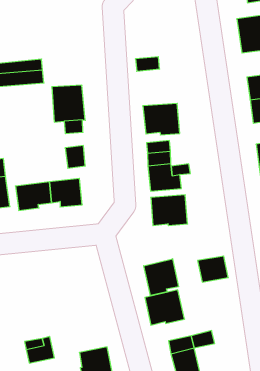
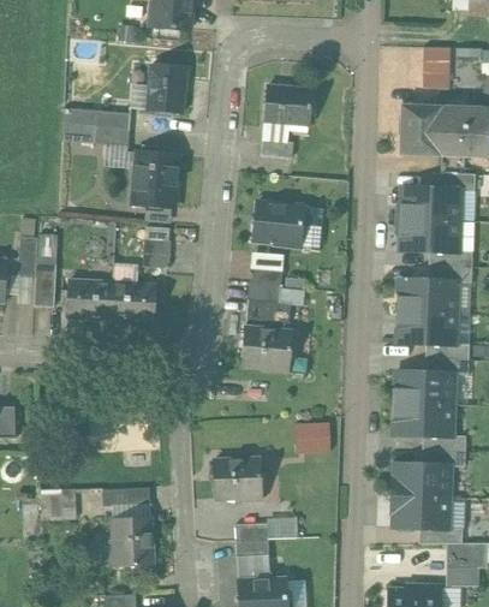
building: none -> [258,85,305,124]
building: none -> [148,66,185,113]
building: [144,259,178,295] -> none
building: none -> [102,486,151,518]

